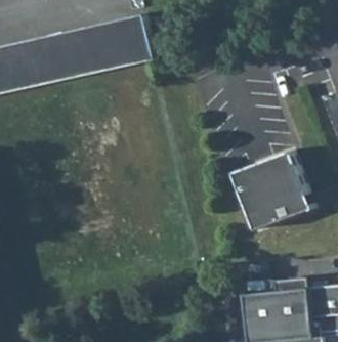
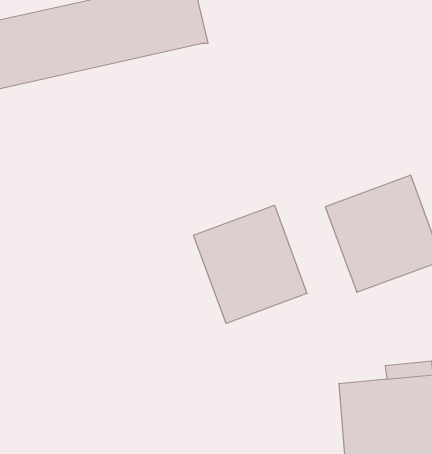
building: none -> [194,205,307,323]

